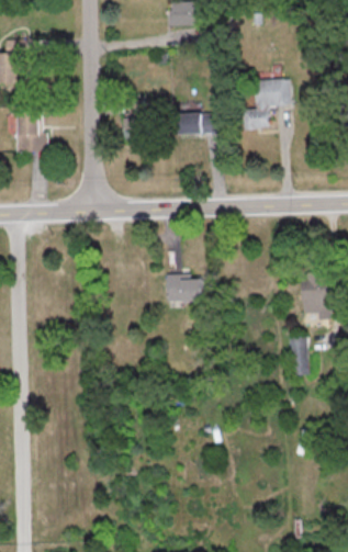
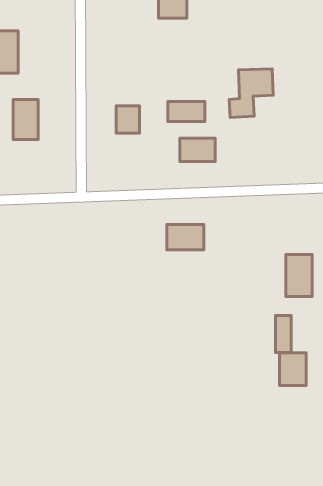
building: none -> [180,138,215,161]
building: [165,275,203,302] -> [167,225,204,250]
building: none -> [279,353,306,385]

